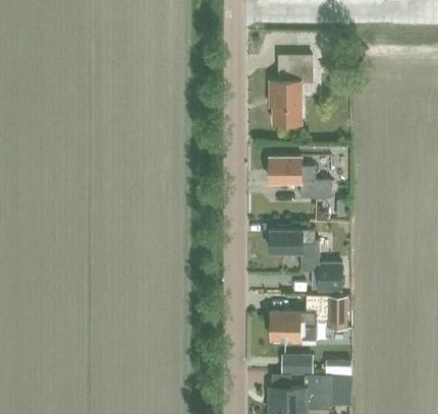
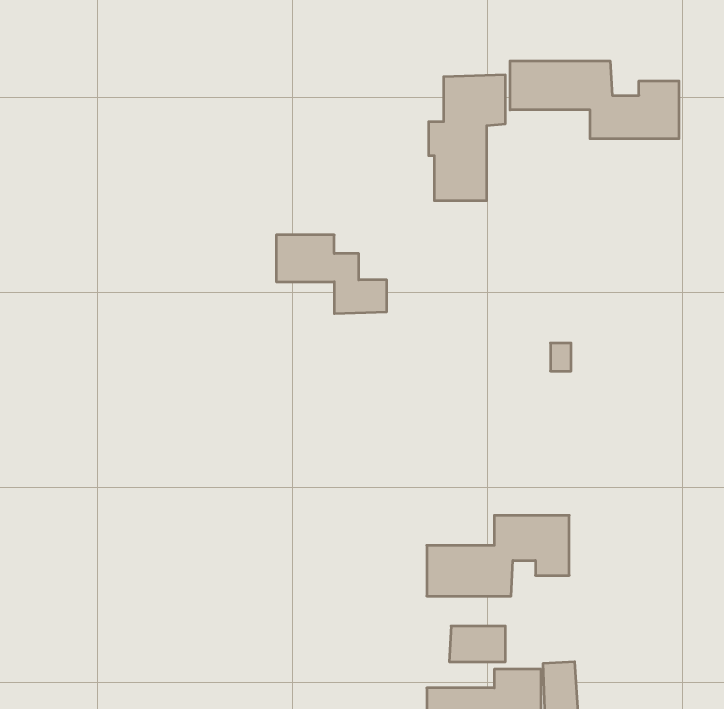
building: none -> [510,61,679,139]
building: [269,158,329,200] -> [276,235,387,314]
building: [269,230,341,291] -> none

